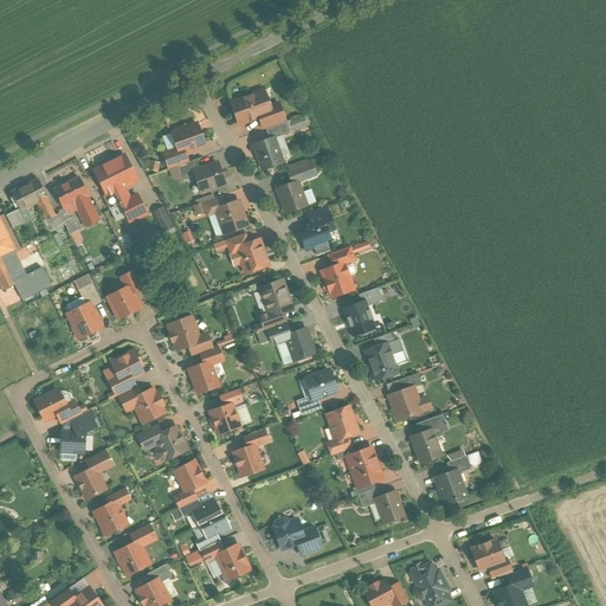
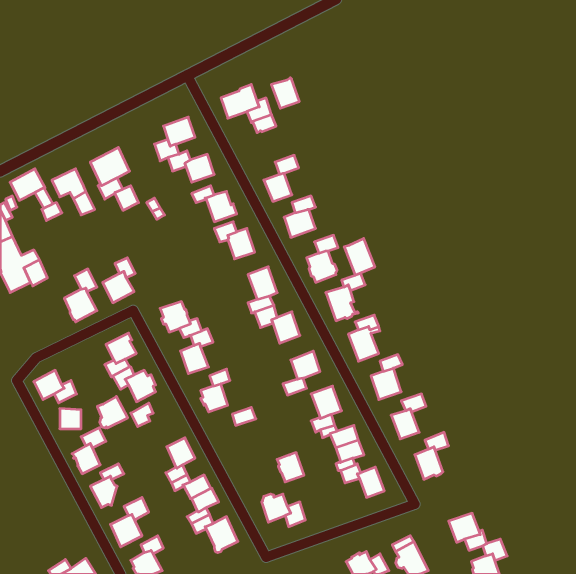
building: [253,137,283,169] -> [271,78,299,108]
building: none -> [344,238,375,275]
building: [155,426,187,459] -> [97,396,128,428]
building: [234,445,263,476] -> [277,453,304,482]

